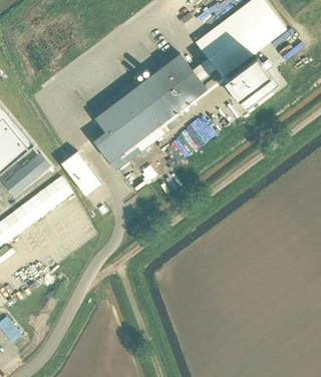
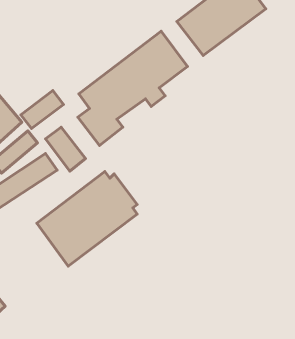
building: [224,57,278,110] -> none
building: none -> [21,91,63,129]
building: none -> [37,172,137,266]

